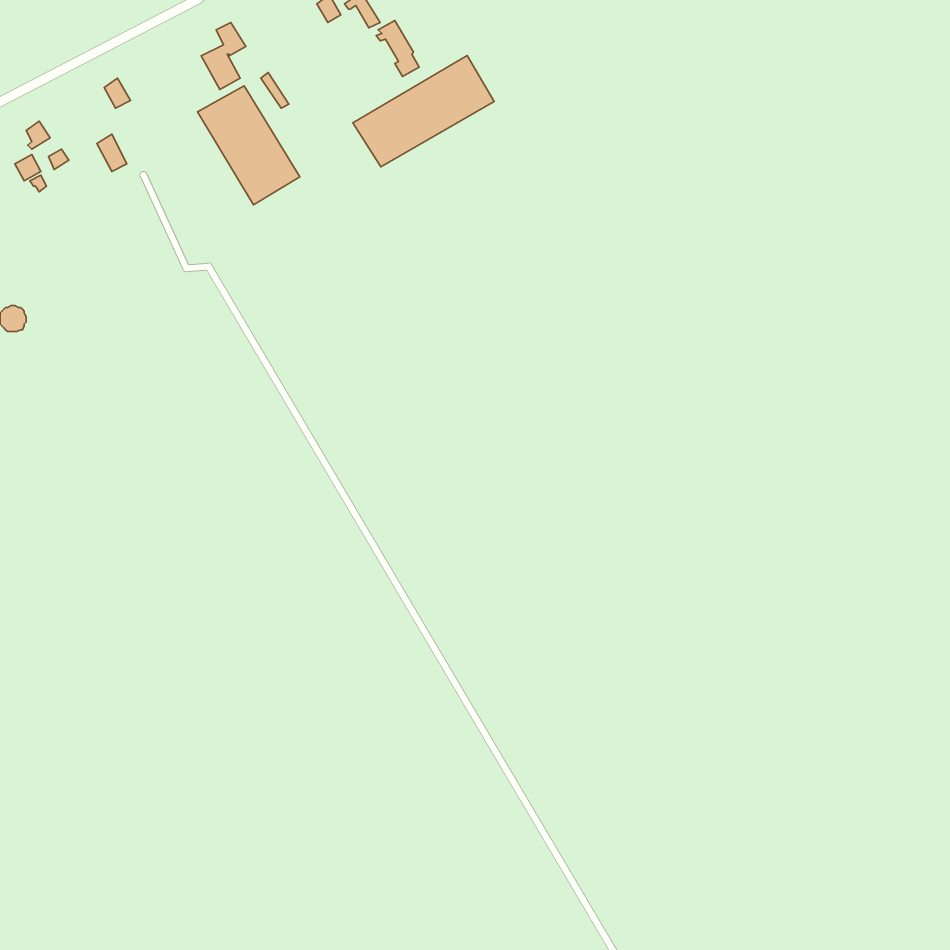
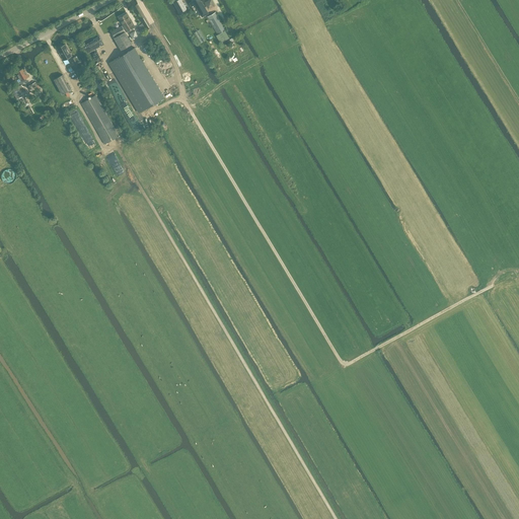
building: [353,56,494,167] -> none
building: none -> [80,94,118,143]

